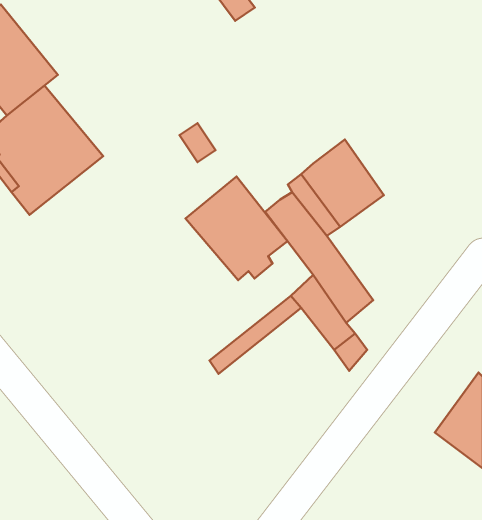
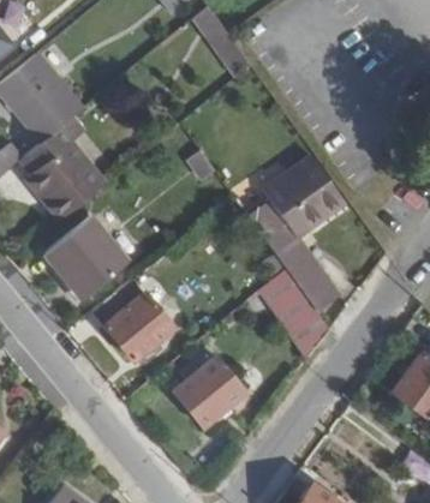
building: [186,177,288,280] -> [91,280,173,363]
building: none -> [47,218,131,301]
building: none -> [173,354,251,432]

